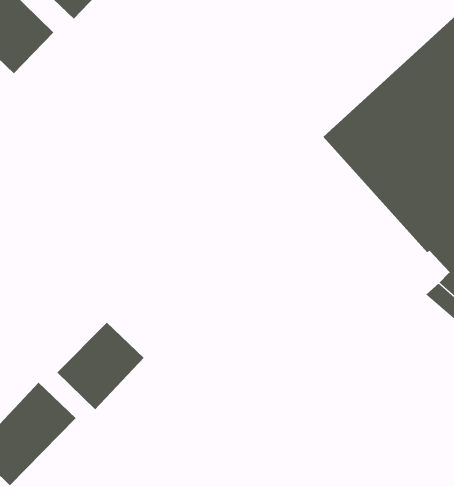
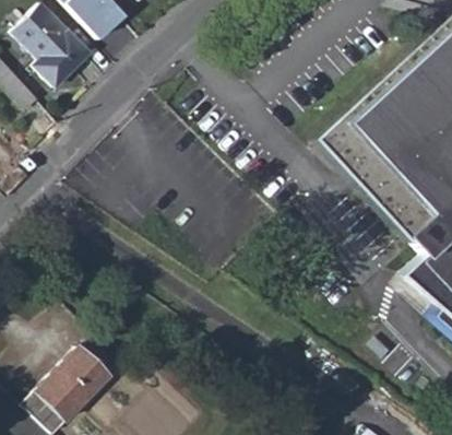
building: [56,322,144,410] -> none

